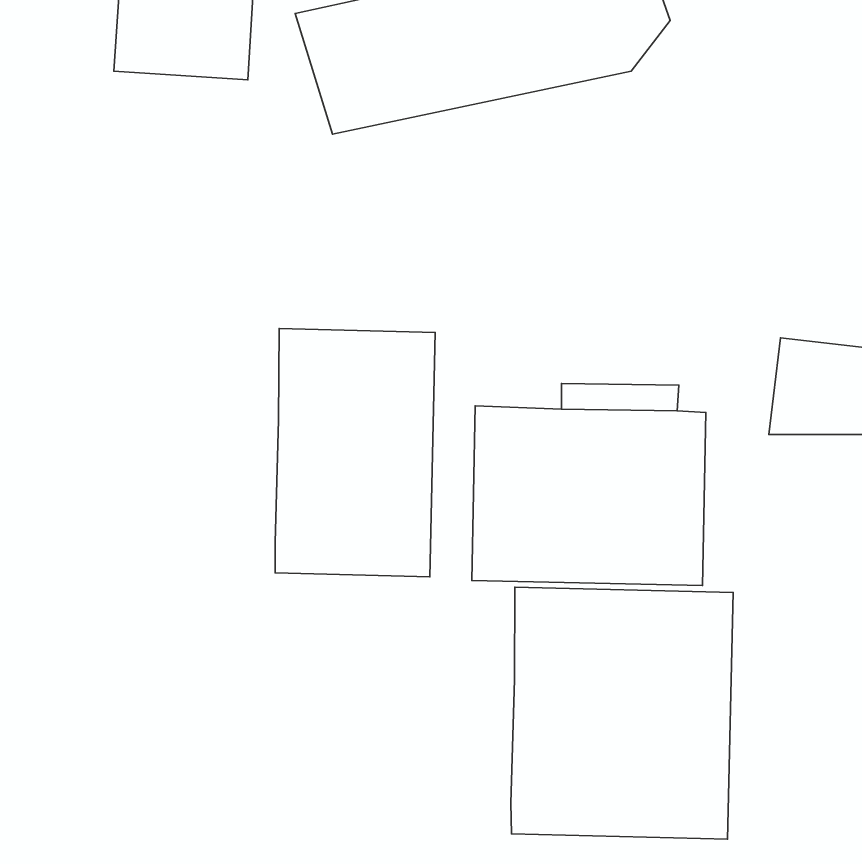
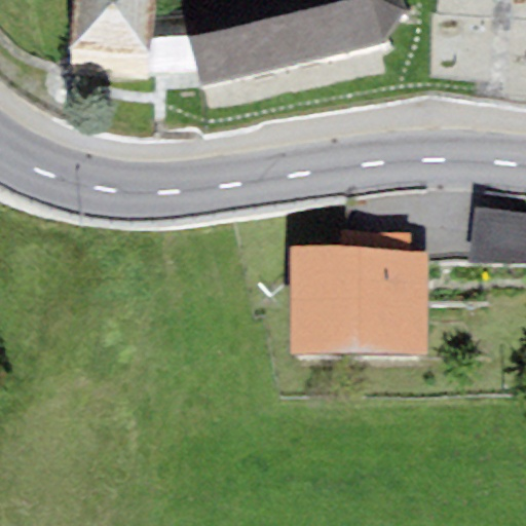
building: [275,328,435,577] -> none
building: [511,587,733,839] -> none

